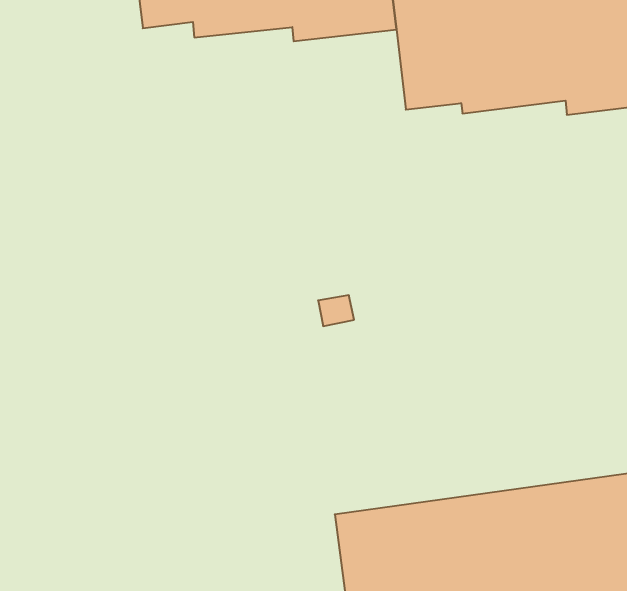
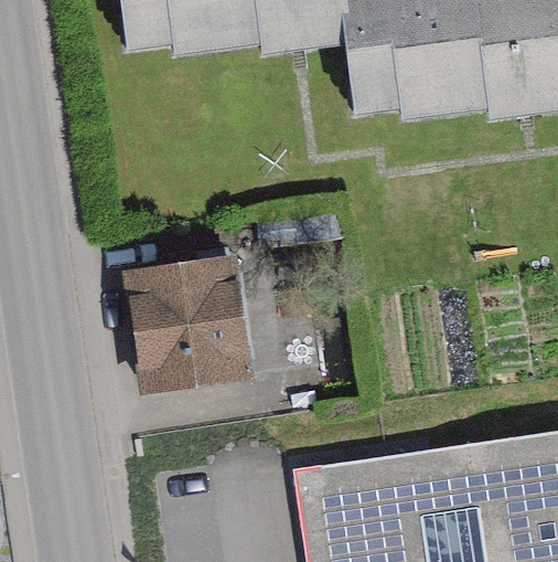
building: none -> [125,257,254,393]

